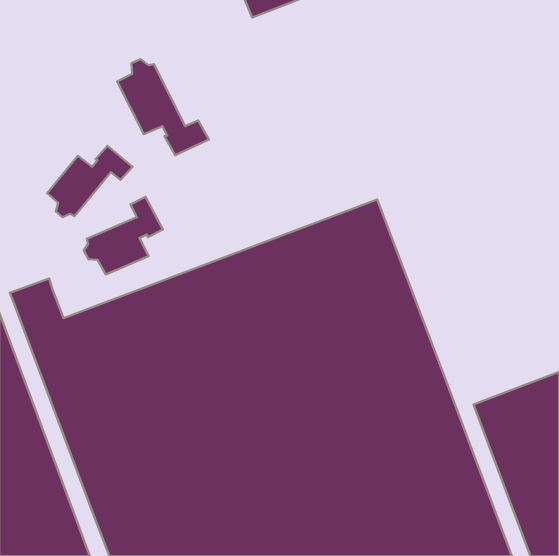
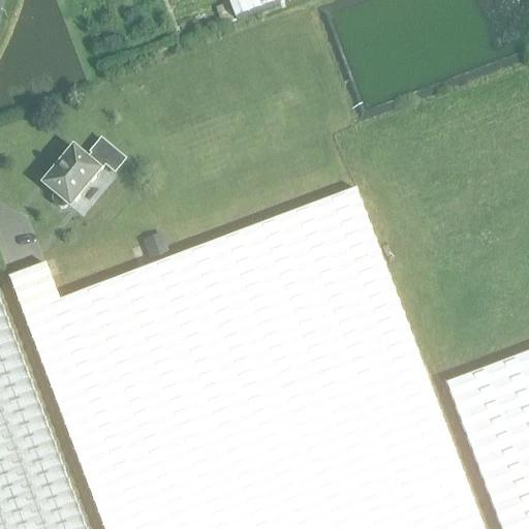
building: [117,59,209,155] -> none
building: [84,197,163,274] -> none

